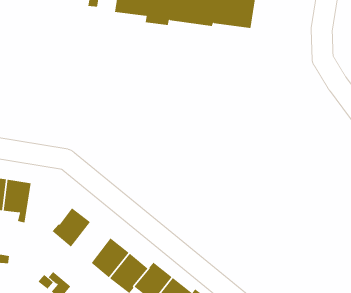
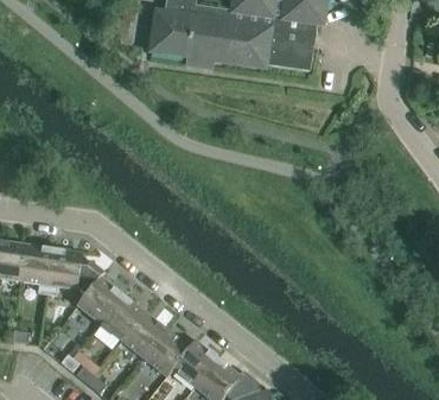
building: none -> [46,248,104,296]
building: none -> [100,293,145,341]

